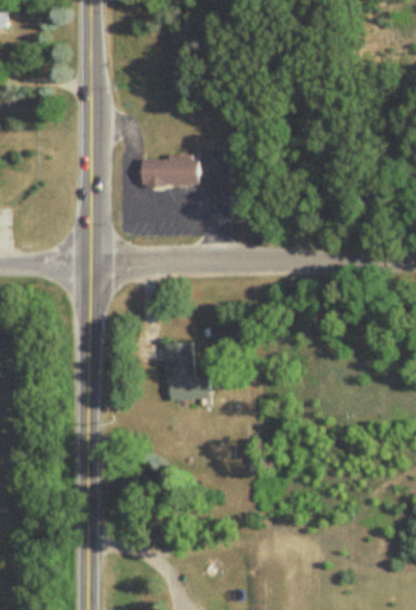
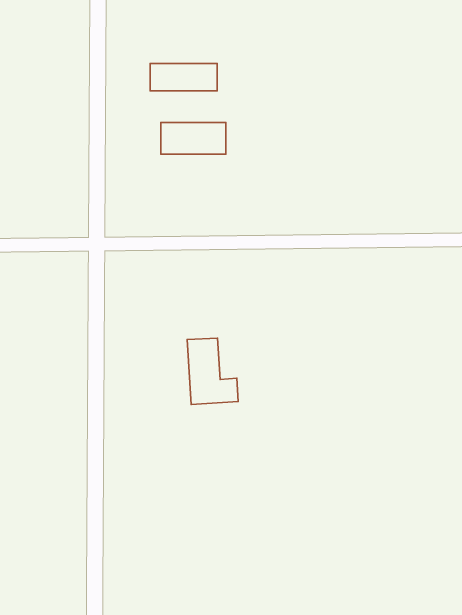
building: none -> [150,64,217,91]

